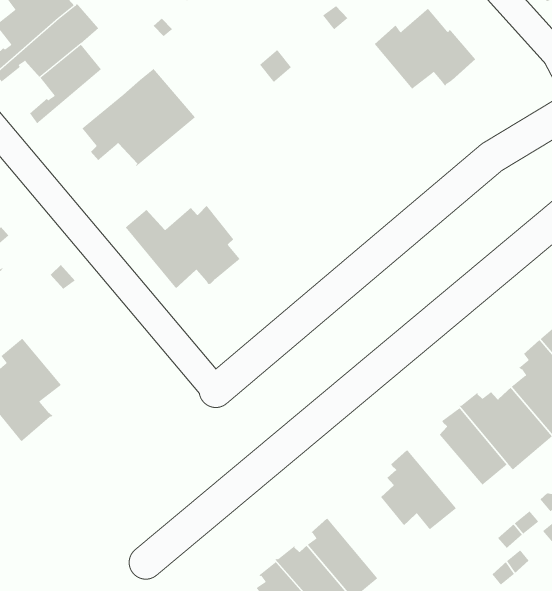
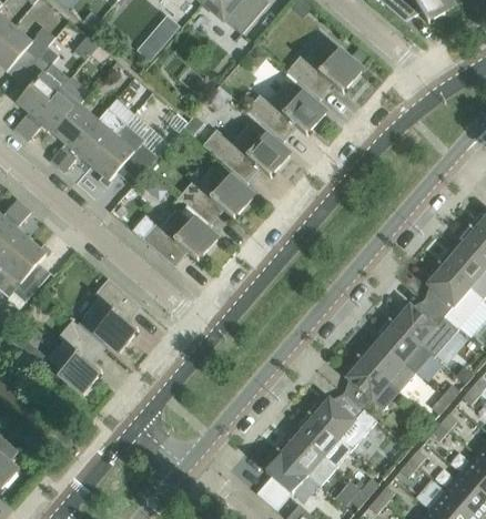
building: none -> [58,108,125,172]
building: none -> [246,82,325,141]
building: none -> [202,123,290,183]
building: none -> [179,165,253,225]
building: none -> [83,277,142,352]
building: none -> [357,340,415,390]
building: none -> [308,391,377,449]

